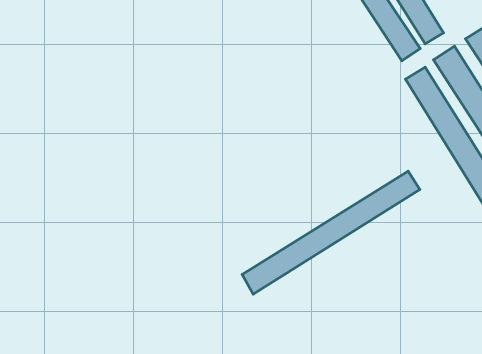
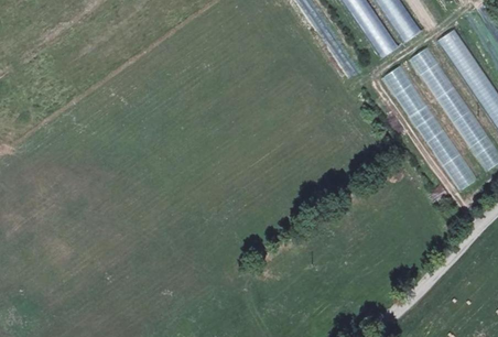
building: [242,171,420,294] -> none

